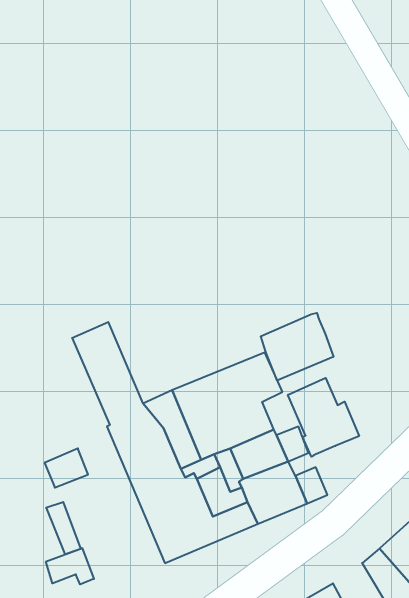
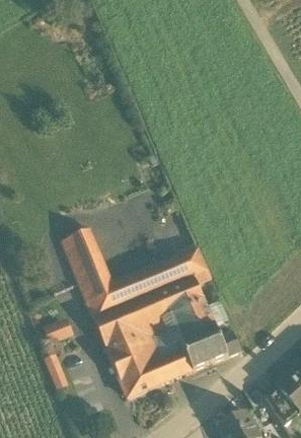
building: [261,313,333,380] -> none
building: [288,378,359,457] -> none
building: [46,548,94,584] -> none

